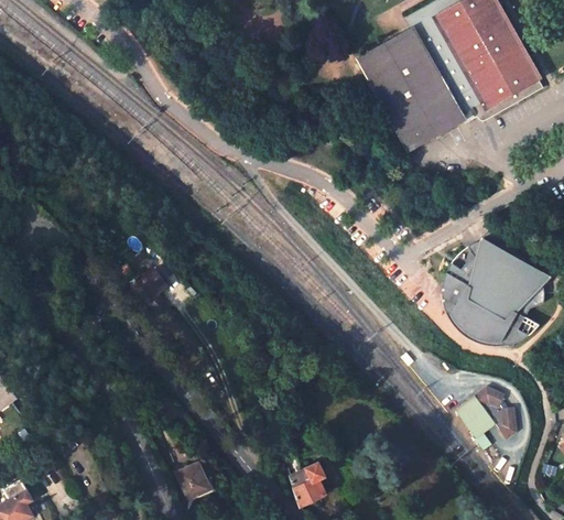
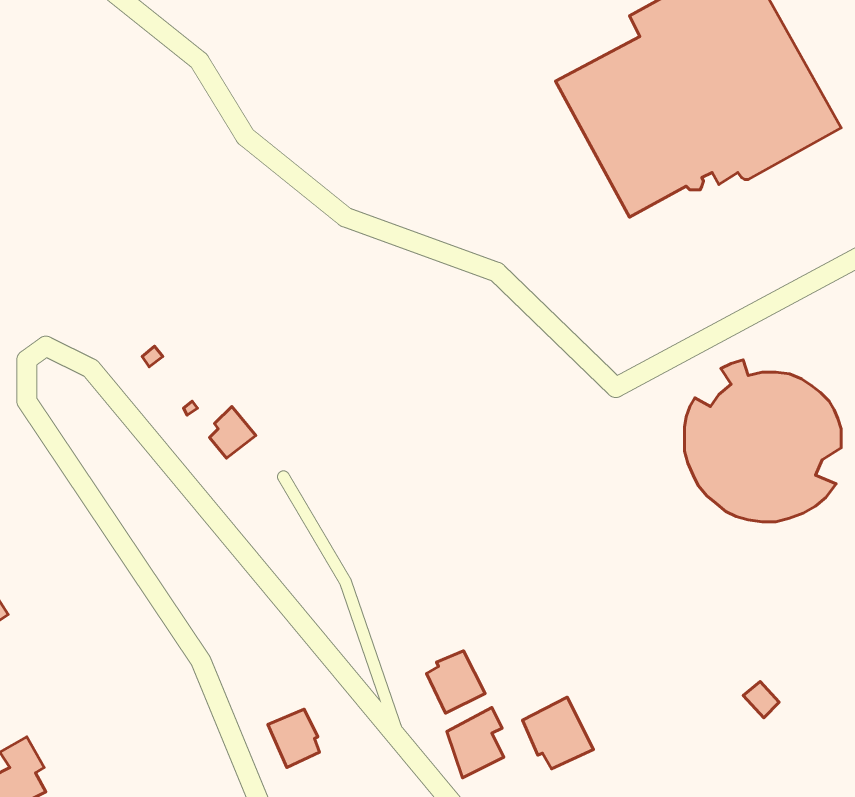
building: [456,387,518,438] -> none
building: none -> [427,651,485,713]
building: none -> [523,697,593,769]

